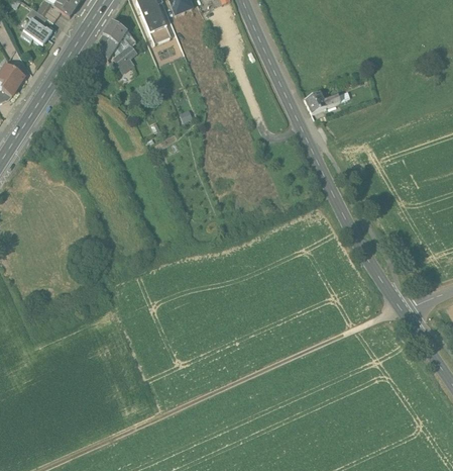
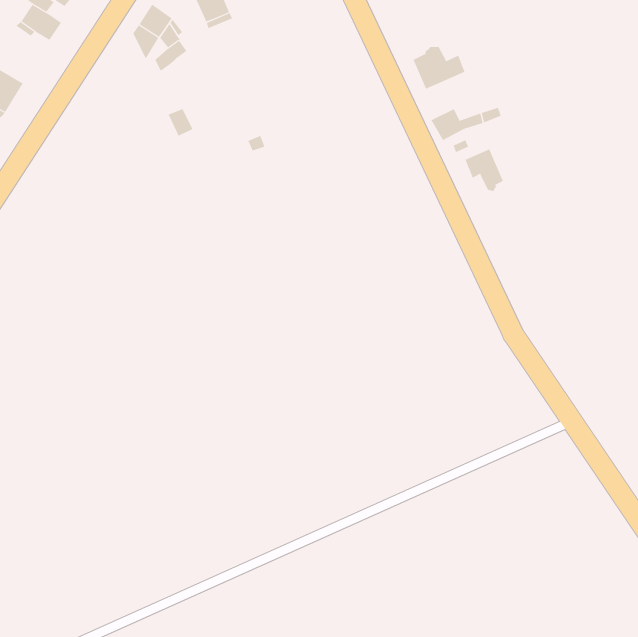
building: none -> [413,46,465,90]
building: none -> [465,148,504,192]

